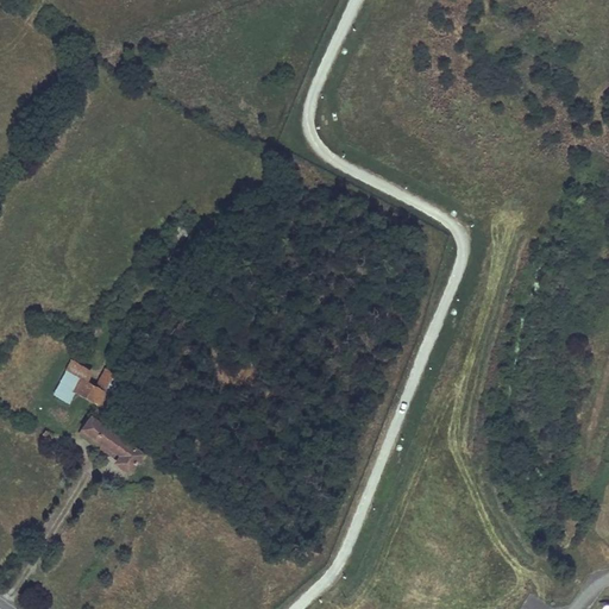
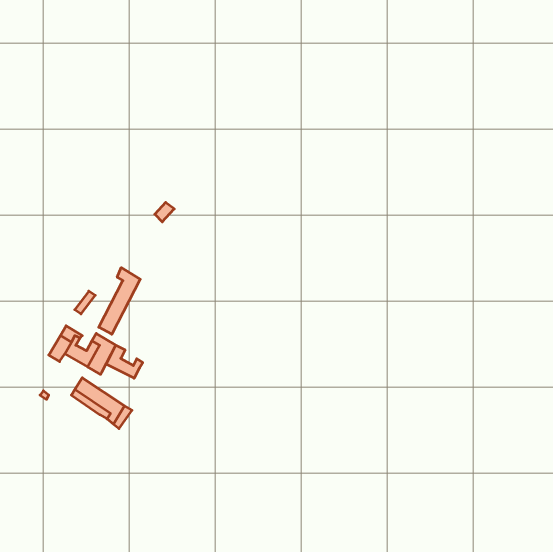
building: none -> [99,268,140,334]
building: none -> [106,345,143,378]

